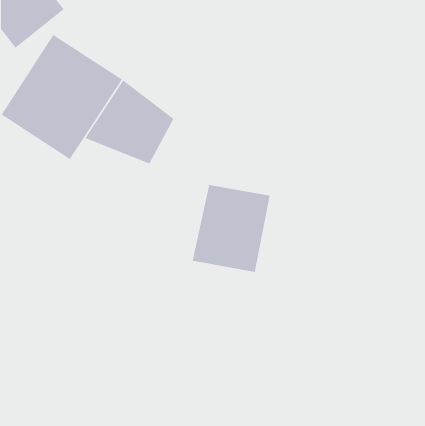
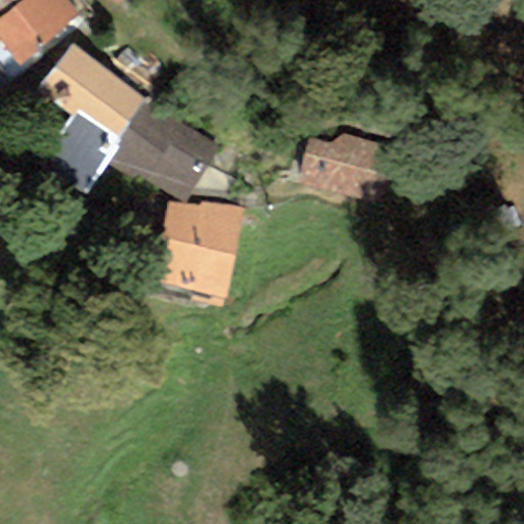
building: none -> [299,130,395,201]
building: [192,185,271,273] -> [150,194,247,302]

